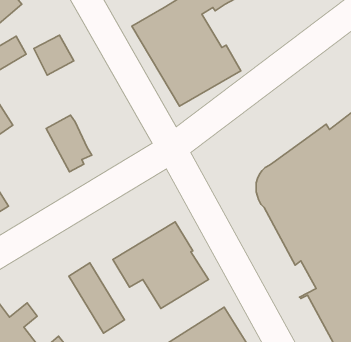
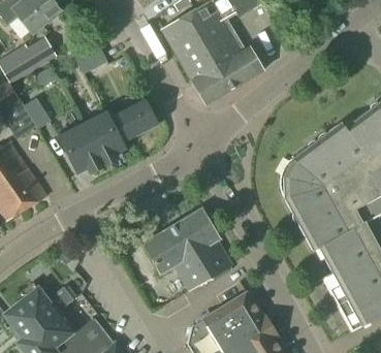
building: none -> [108,101,157,142]
building: none -> [59,125,103,173]
building: [69,263,124,333] -> none

